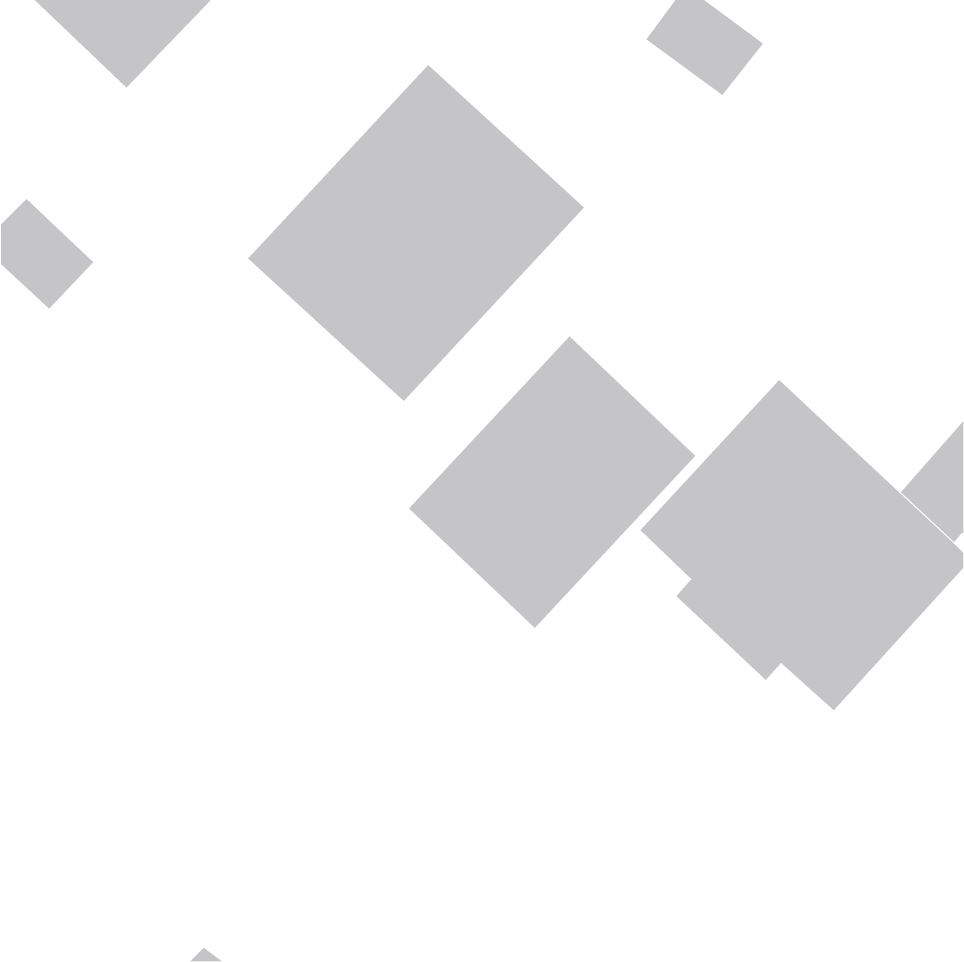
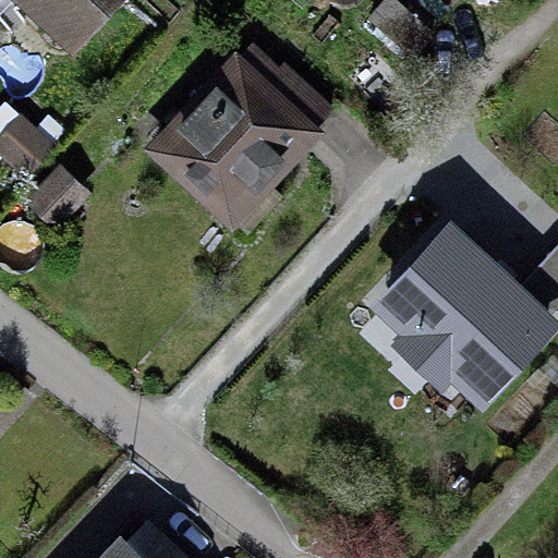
building: [408,335,696,629] -> none

